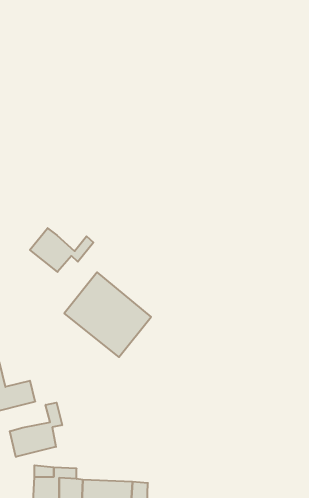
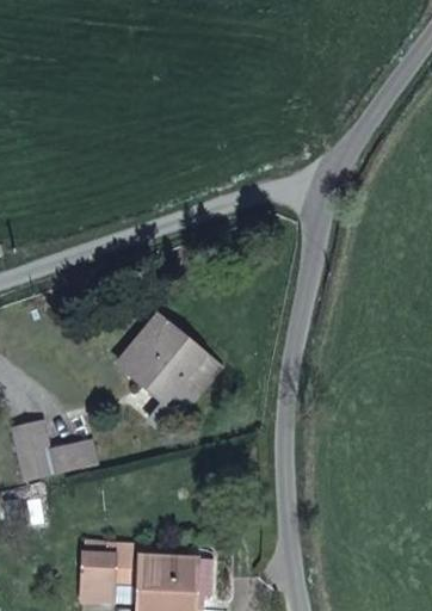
building: [30,228,93,272] -> none
building: [10,403,62,457] -> none

